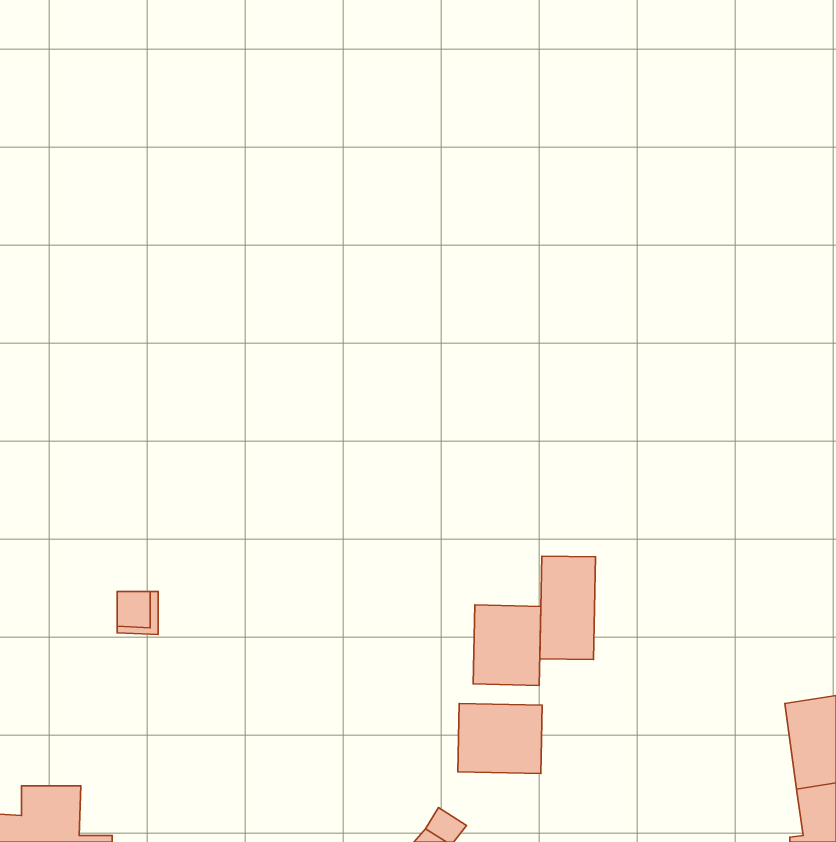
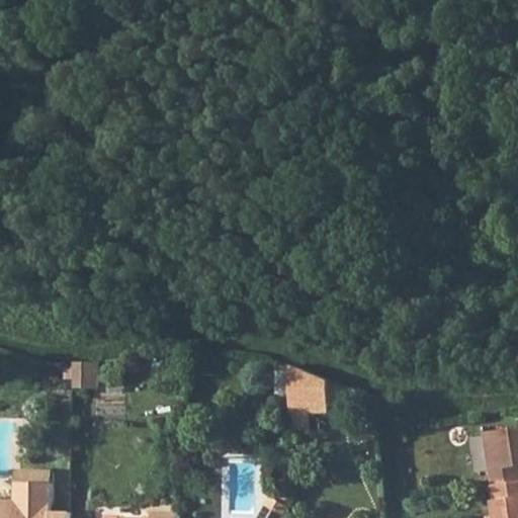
building: [540,556,595,660] -> none
building: [458,704,542,774] -> none

